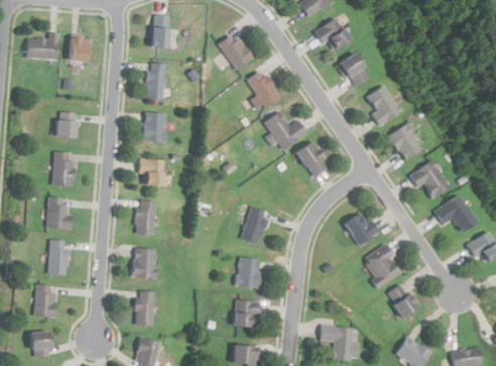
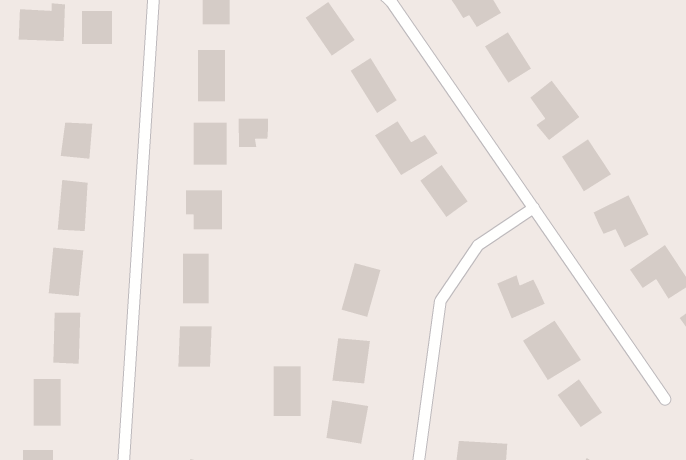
building: none -> [238,118,269,148]
building: [135,291,154,326] -> [273,366,301,417]

